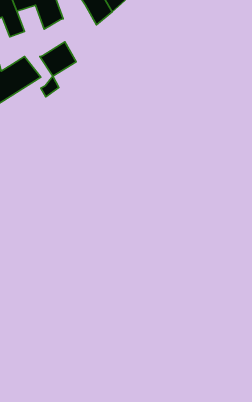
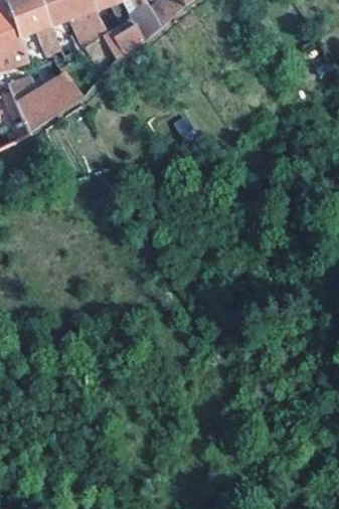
building: [40,42,76,76] -> [104,14,146,54]

